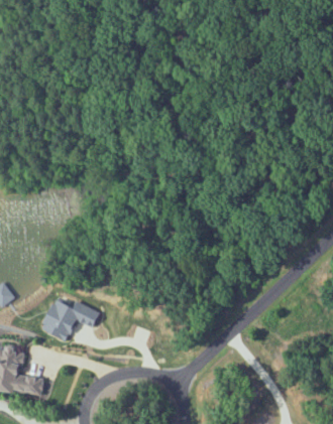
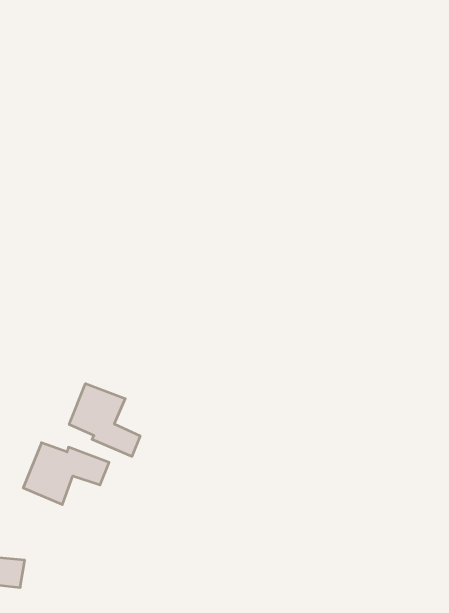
building: none -> [69,384,140,456]

